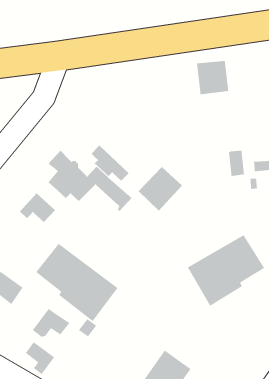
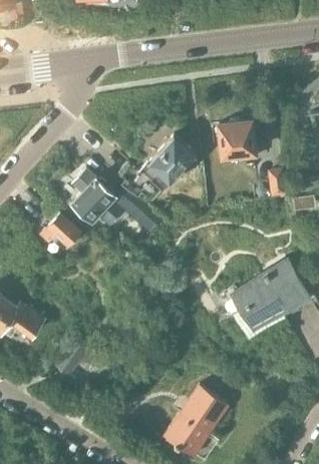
building: [196,60,229,95] -> [219,121,255,159]
building: [138,166,183,211] -> [147,135,197,184]
building: [35,243,119,322] -> none
building: [25,341,55,375] -> none

